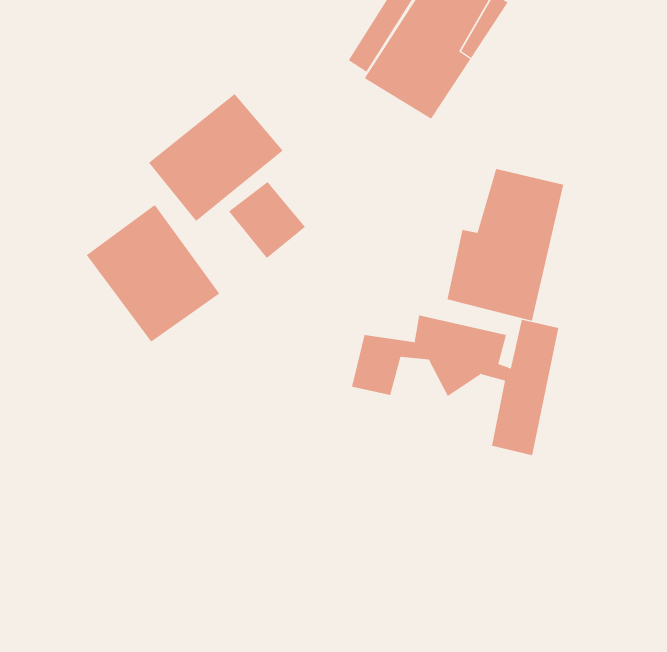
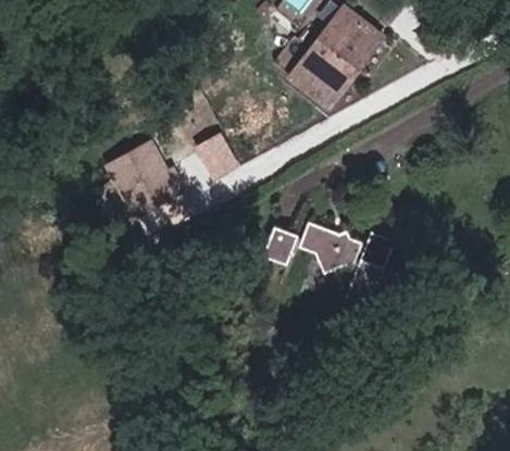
building: [148,93,283,222] -> none
building: [447,168,564,322] -> none

